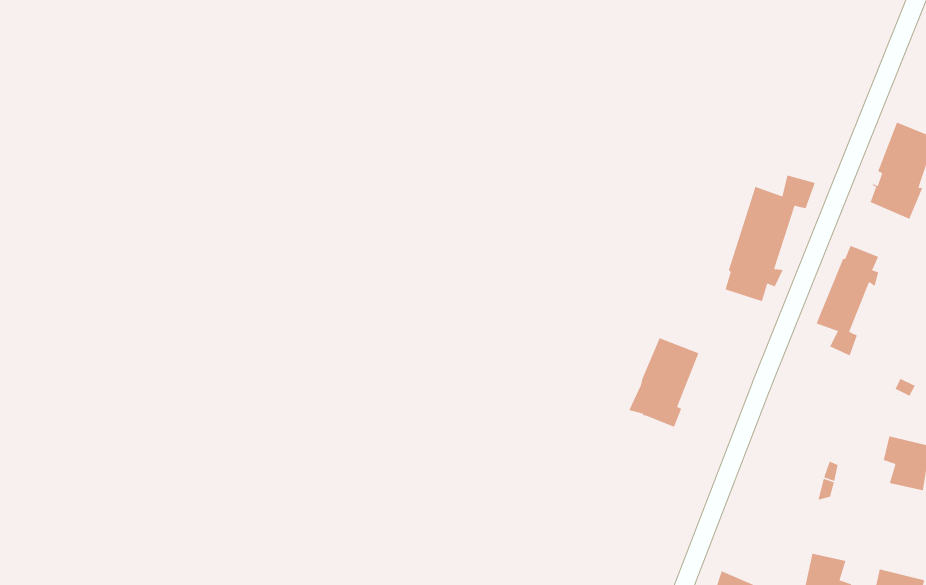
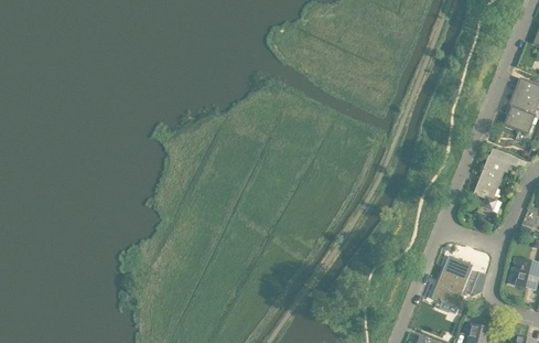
building: [725,175,816,302] -> none
building: [628,337,699,428] -> [431,256,472,308]

